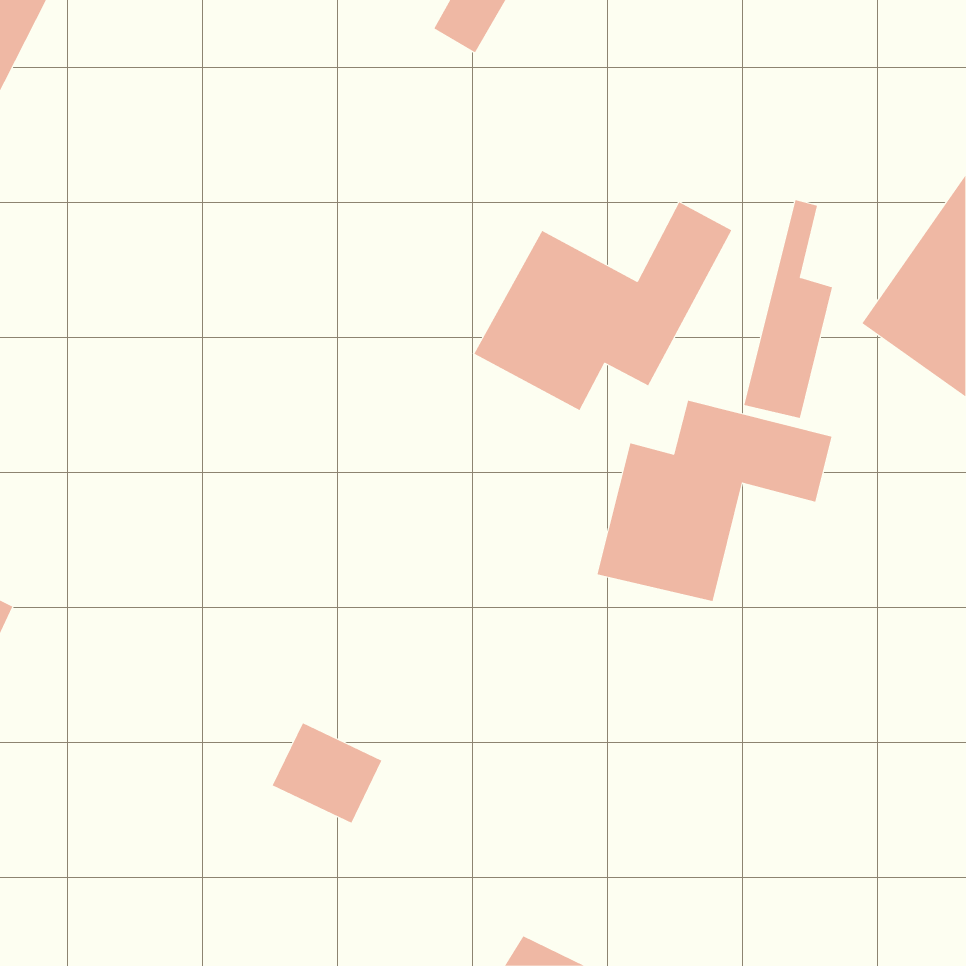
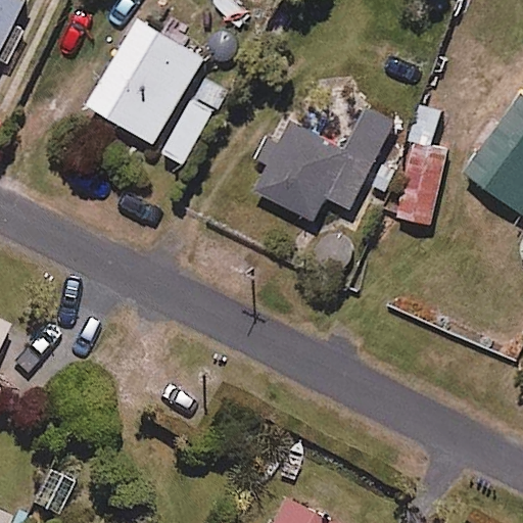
building: none -> [86,17,203,144]
building: [597,400,832,602] -> none

